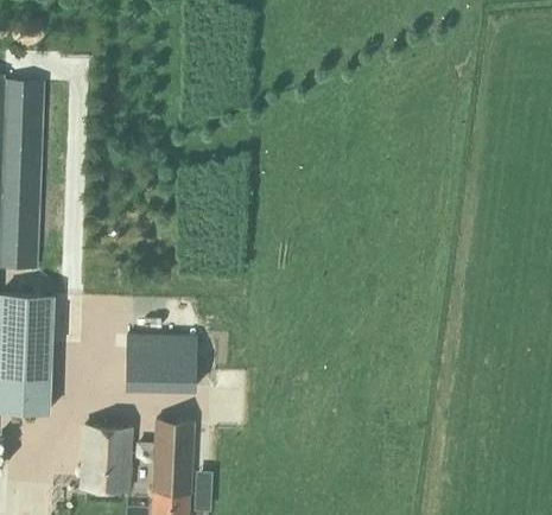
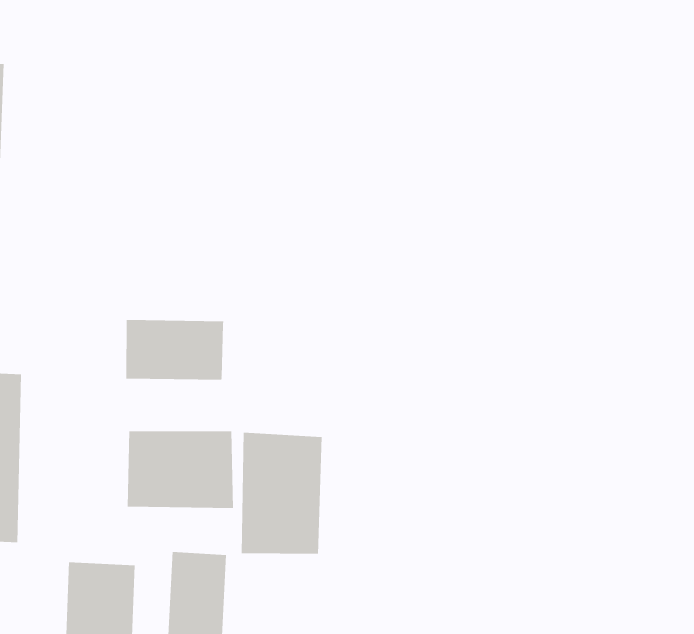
building: none -> [126,319,224,381]
building: none -> [241,432,322,554]

